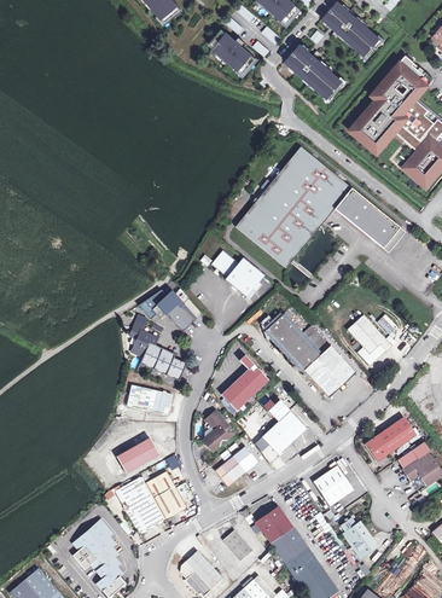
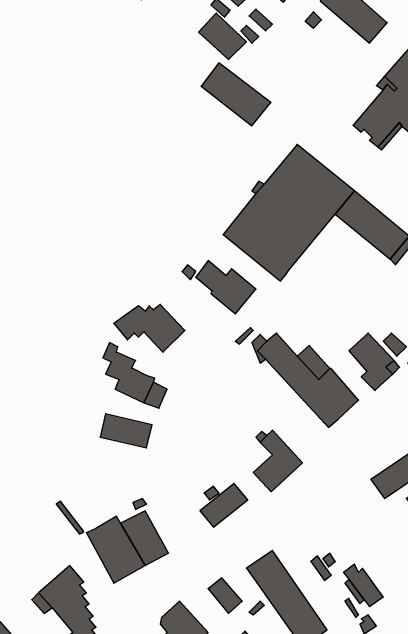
building: [286,45,348,100] -> [201,63,271,126]
building: [221,355,268,412] -> none
building: [203,411,233,452] -> none
building: [114,432,159,474] -> none
building: [313,465,354,506] -> none

